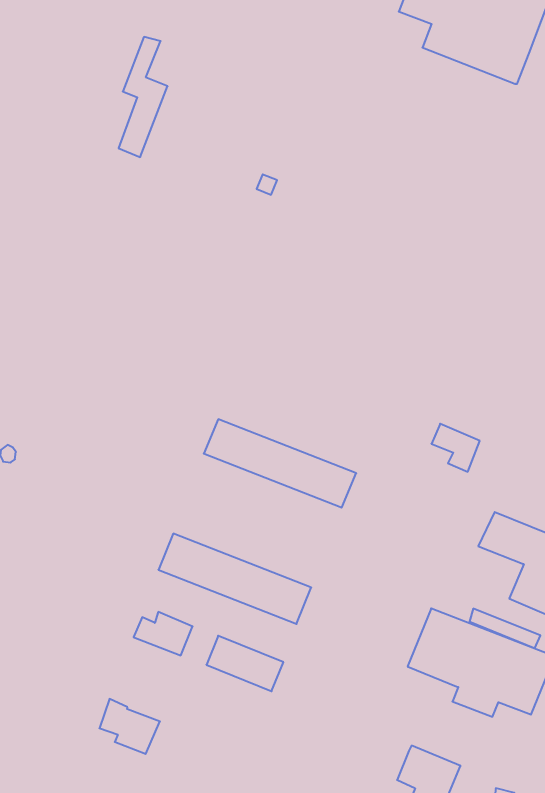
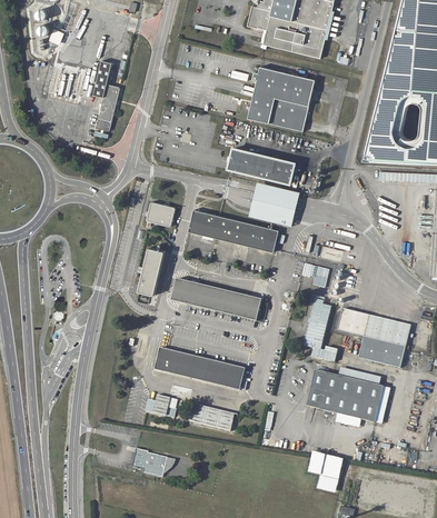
building: none -> [248,66,316,131]
building: none -> [230,150,296,183]
building: none -> [249,182,300,227]
building: none -> [145,200,173,225]
building: none -> [188,209,277,250]
building: none -> [138,246,165,295]
building: none -> [302,300,331,359]

